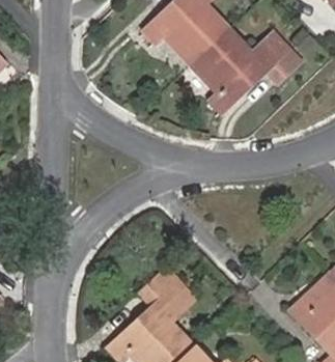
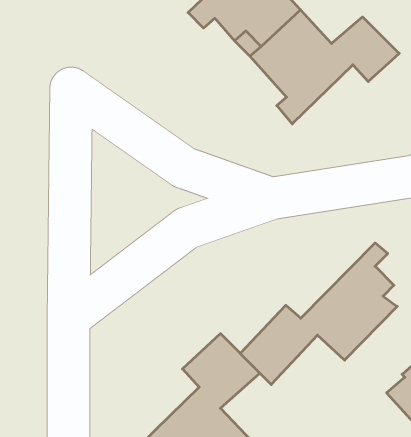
building: none -> [240,243,397,385]

